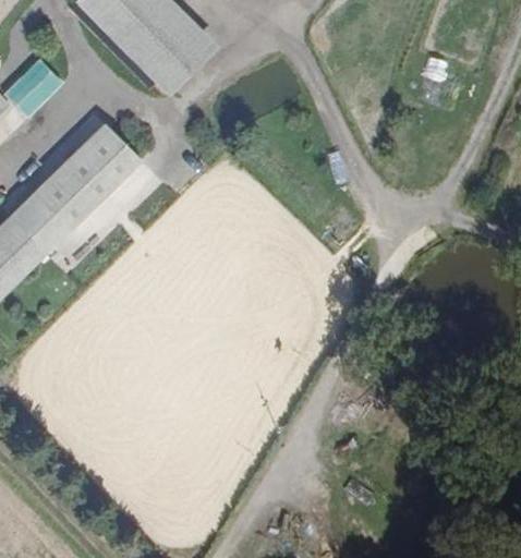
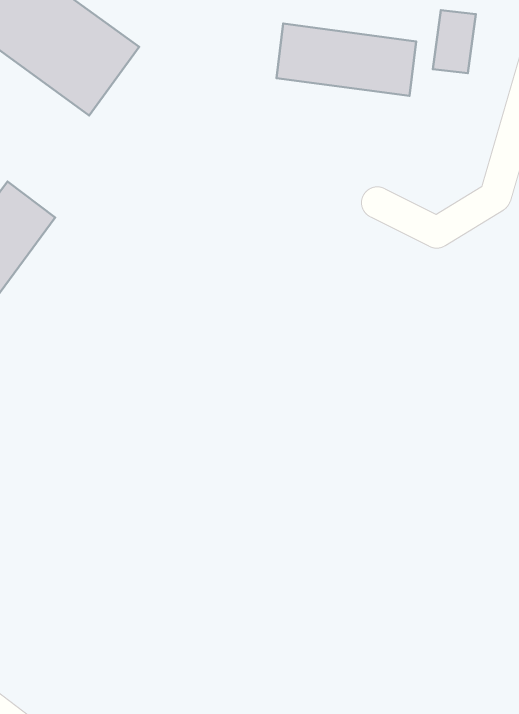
building: none -> [277,24,416,96]

